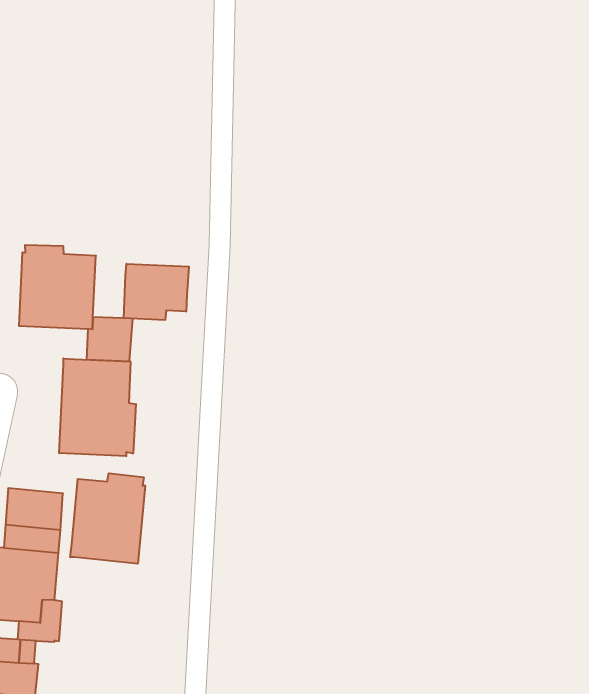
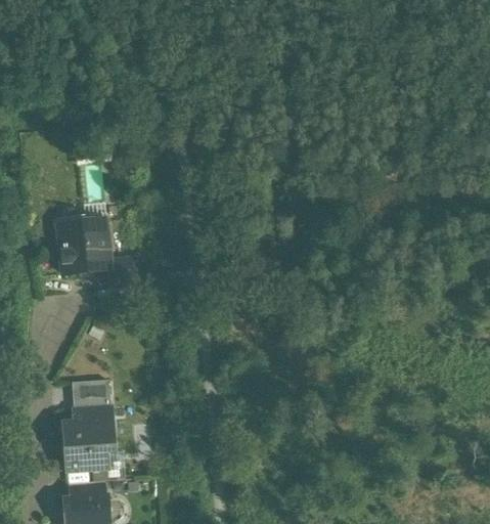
building: [124,264,189,320] -> none
building: [59,358,136,456] -> none
building: [70,473,145,564] -> none

